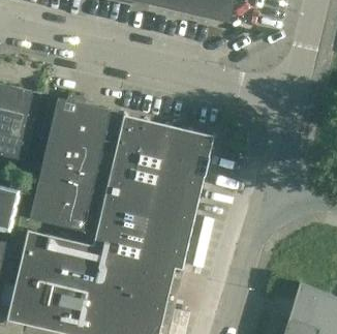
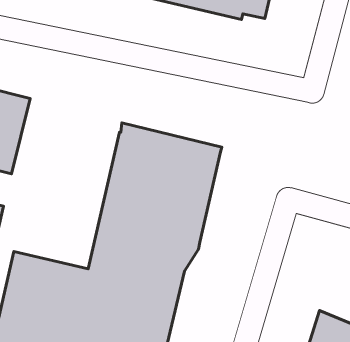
building: [29,97,111,230] -> none

